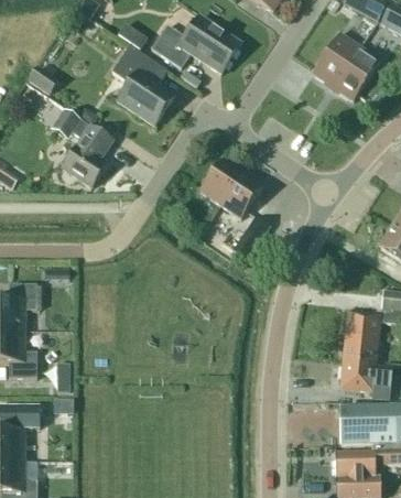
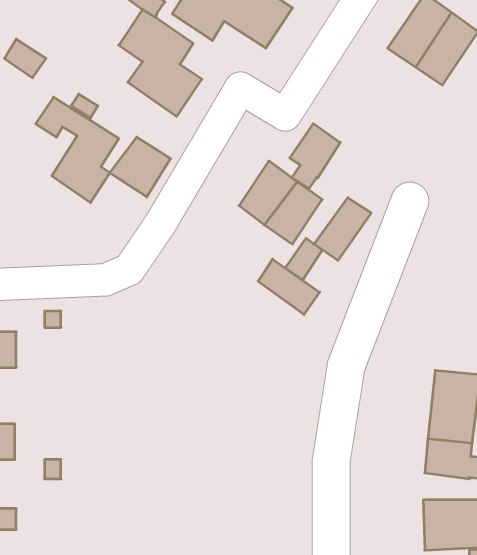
building: none -> [290,124,340,189]
building: none -> [110,137,171,197]
building: none -> [314,198,371,260]
building: none -> [258,259,320,315]

